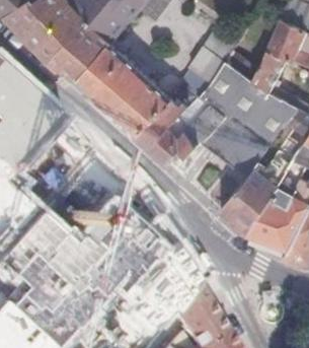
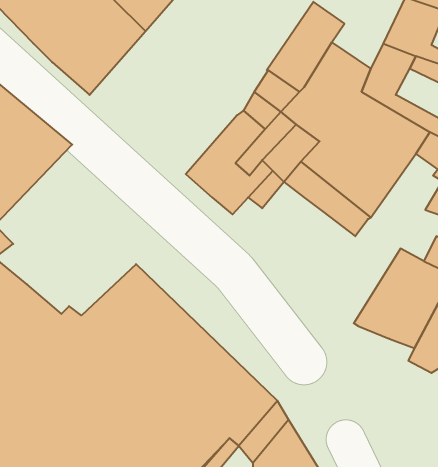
building: [75,44,171,137] -> none
building: [220,163,287,234] -> none

